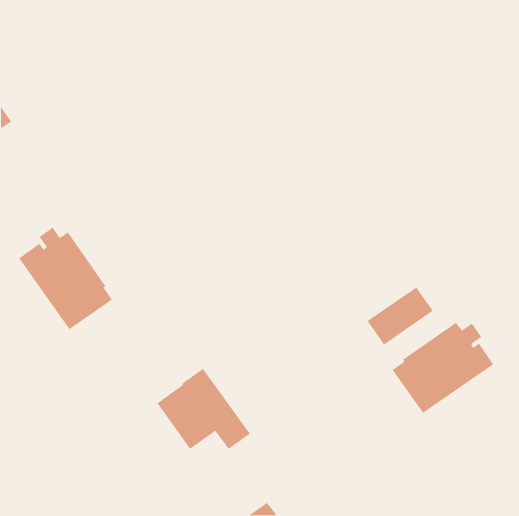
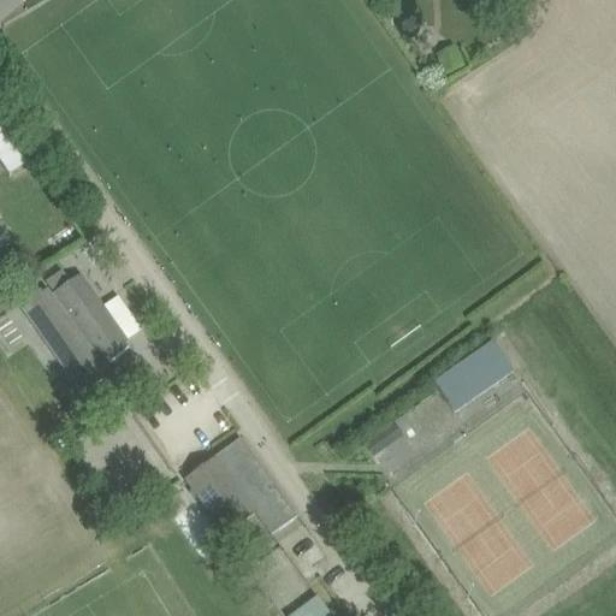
building: [390,322,494,414] -> none

